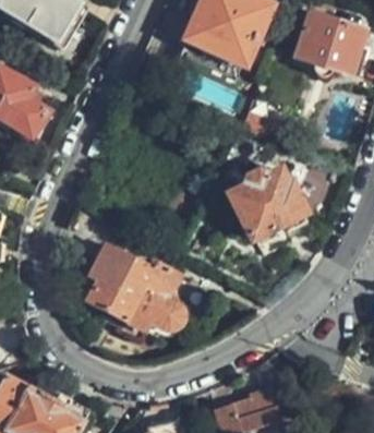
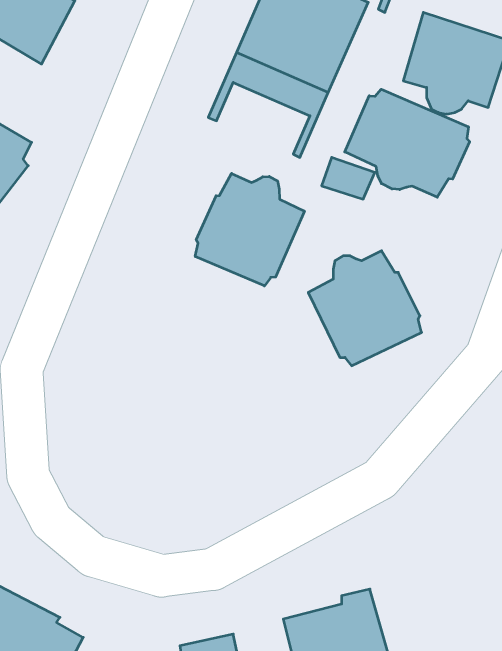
building: none -> [345,89,470,197]
building: none -> [195,173,304,286]
building: [89,241,188,328] -> none

